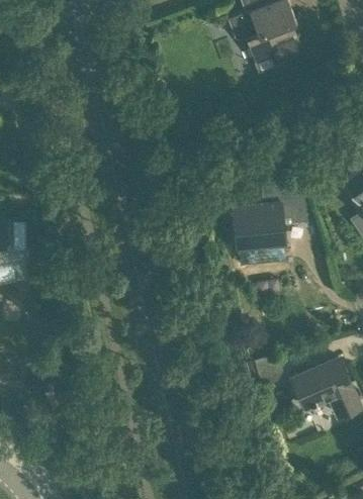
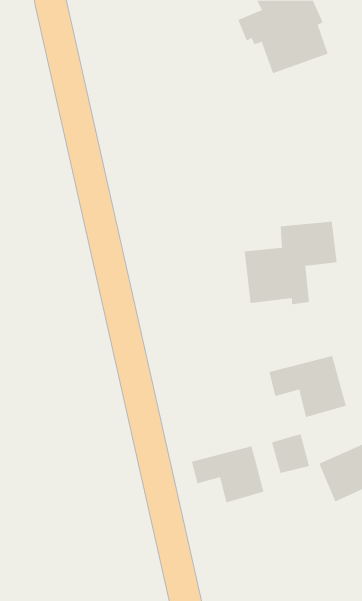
building: none -> [269,355,346,418]
building: none -> [191,445,264,503]

